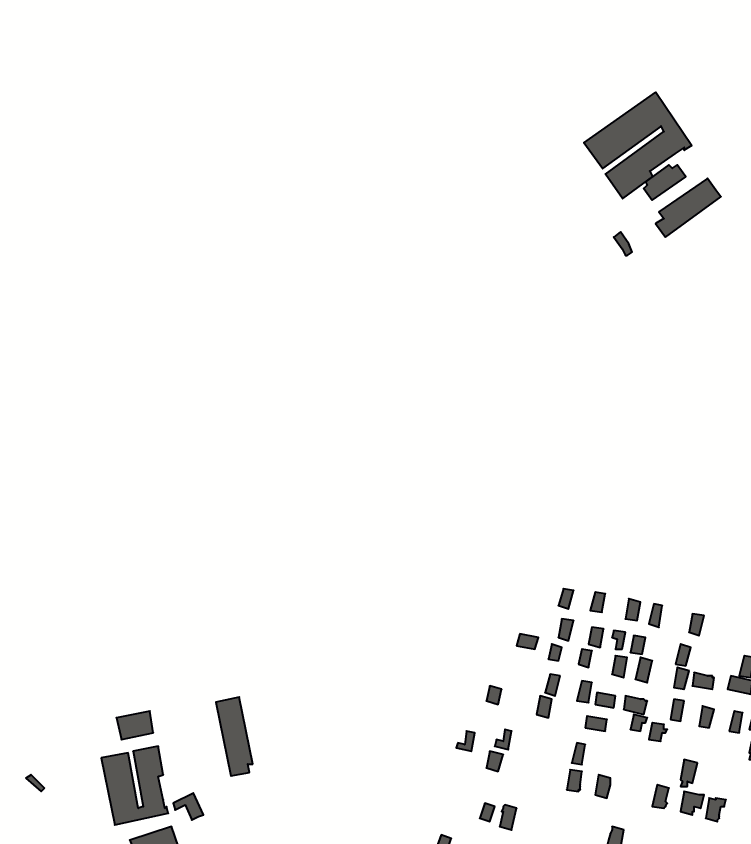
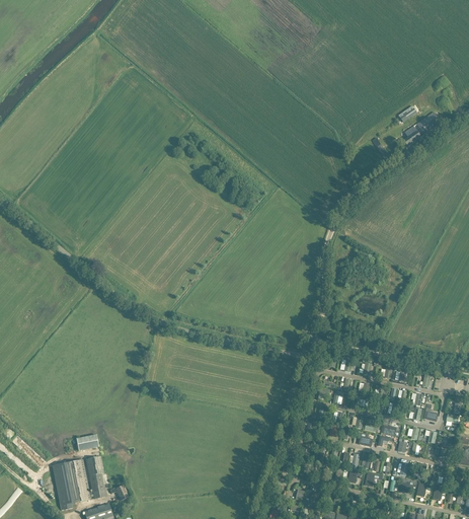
building: [584,92,692,199] -> none
building: [216,697,253,776] -> [52,462,74,510]

